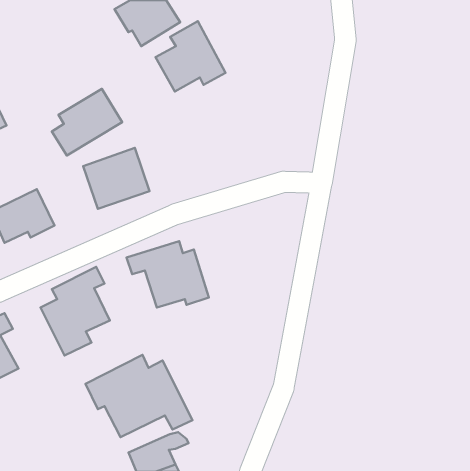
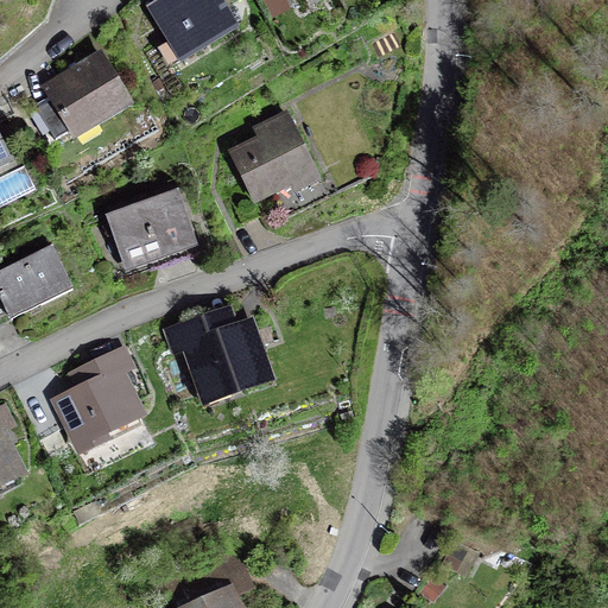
building: [155,21,226,91] -> [233,109,323,200]
building: [52,89,122,155] -> [34,57,125,142]
building: [86,355,192,437] -> none

